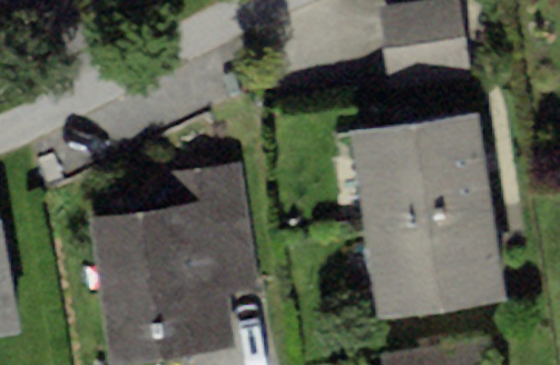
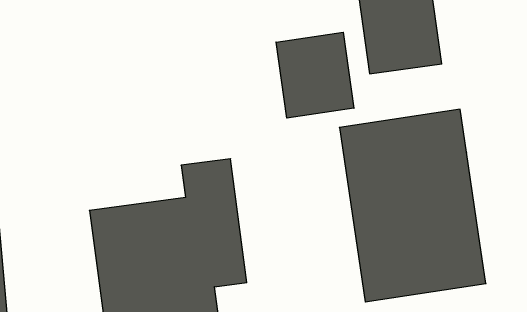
building: none -> [276,32,354,118]

